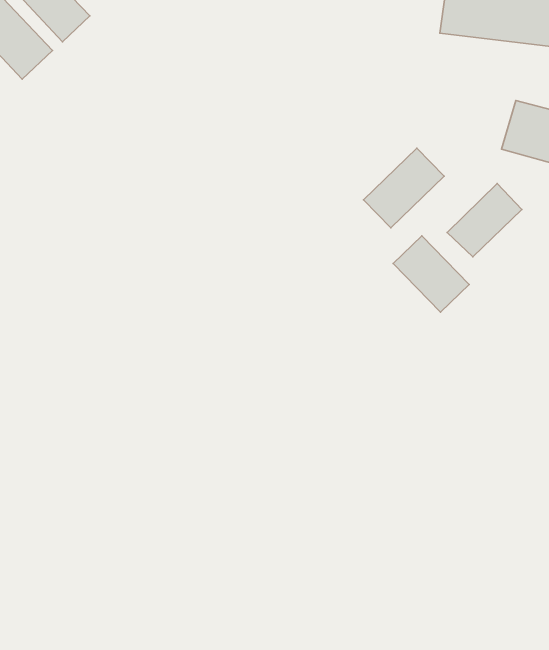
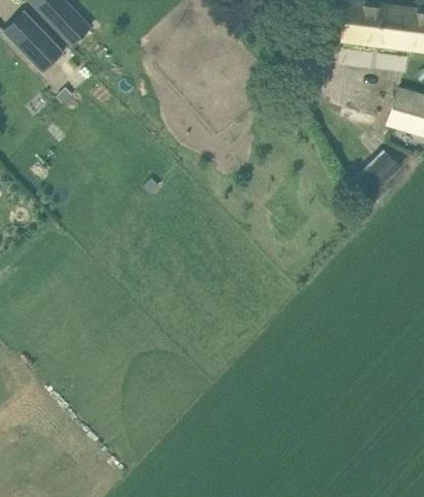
building: [364,148,444,228] -> none
building: [393,236,469,312] -> none

